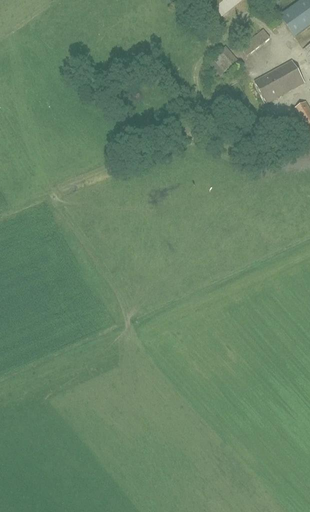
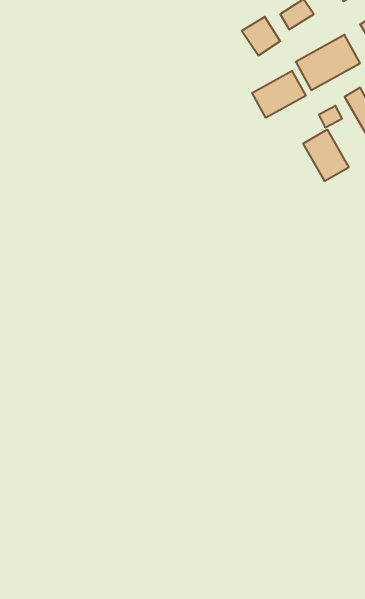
building: none -> [252,71,306,118]
building: none -> [303,130,349,181]

